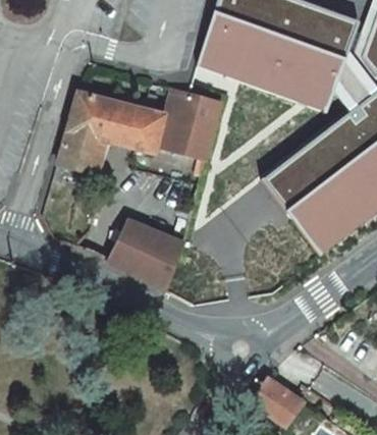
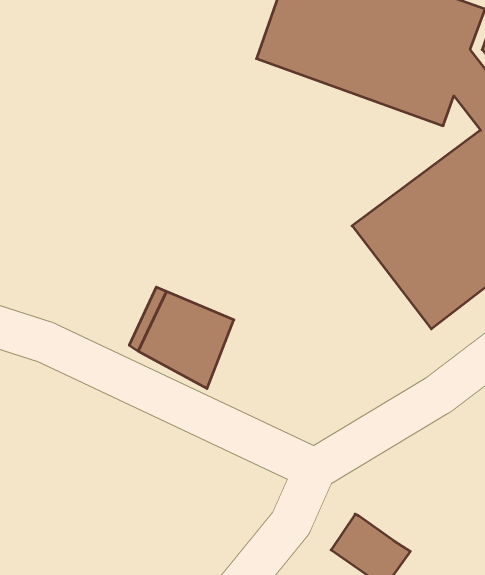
building: [58,89,221,173] -> none

